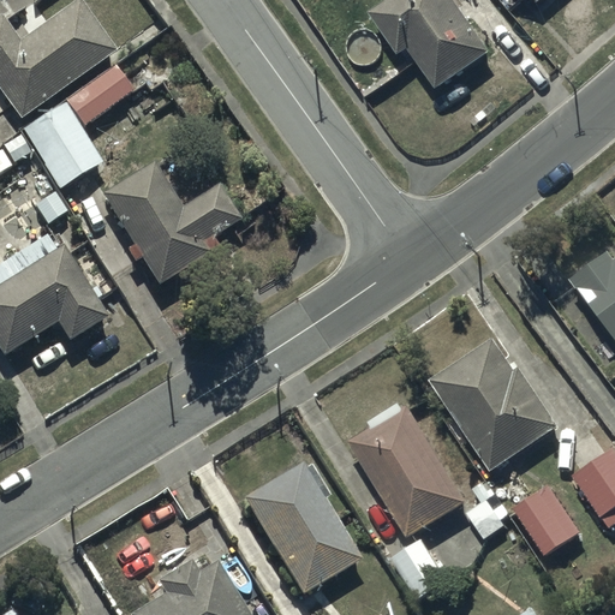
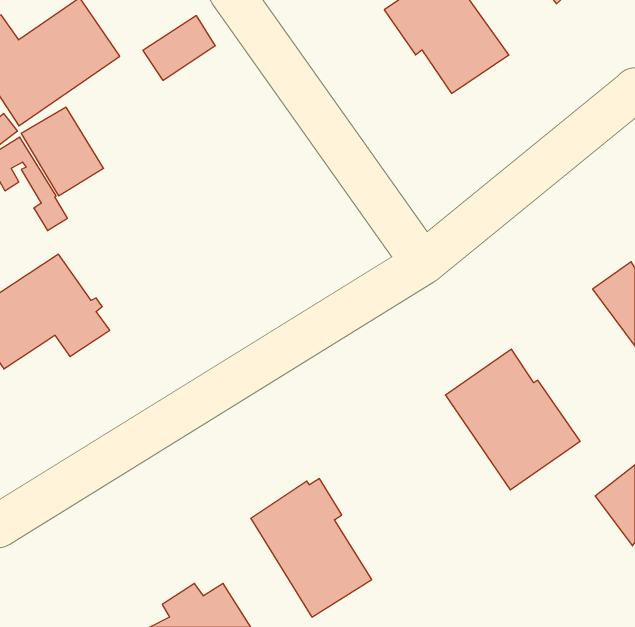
building: [61,64,131,126] -> [143,16,215,80]
building: [97,160,243,288] -> none
building: [348,402,466,598] -> none
building: [512,483,580,556] -> none

